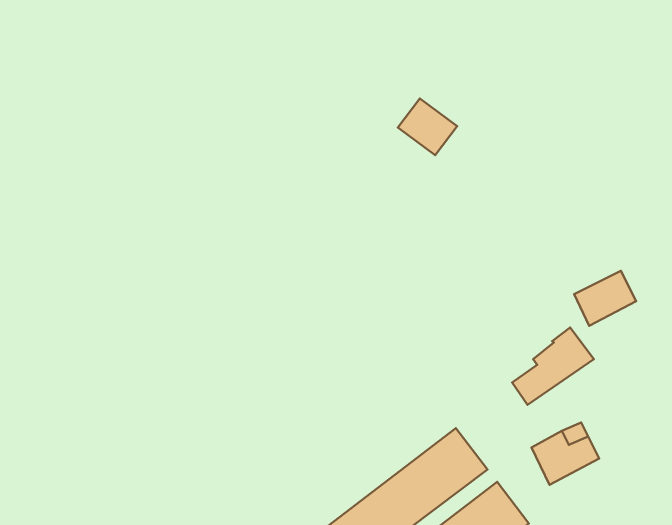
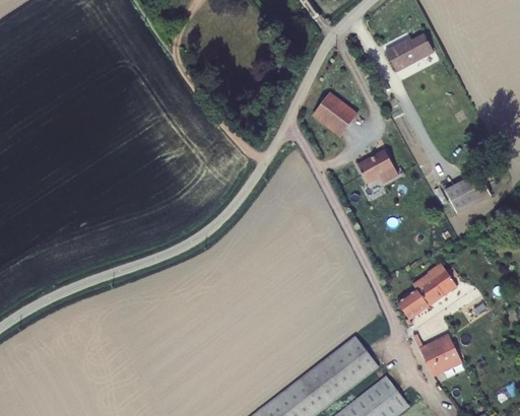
building: none -> [385,34,434,71]
building: none -> [358,149,397,182]
building: [574,271,636,326] -> [445,172,491,213]

